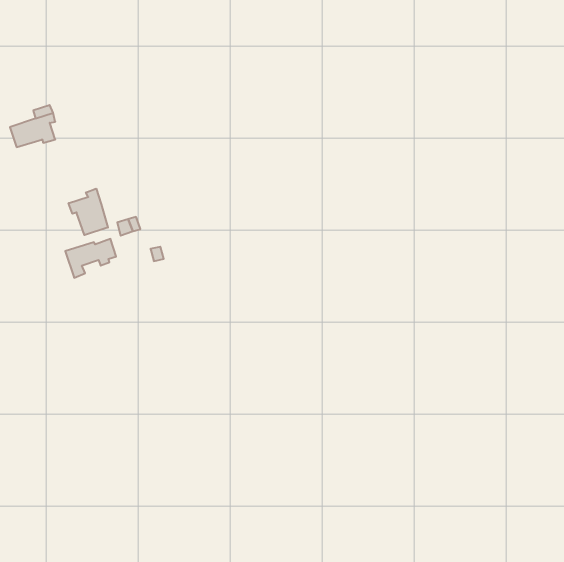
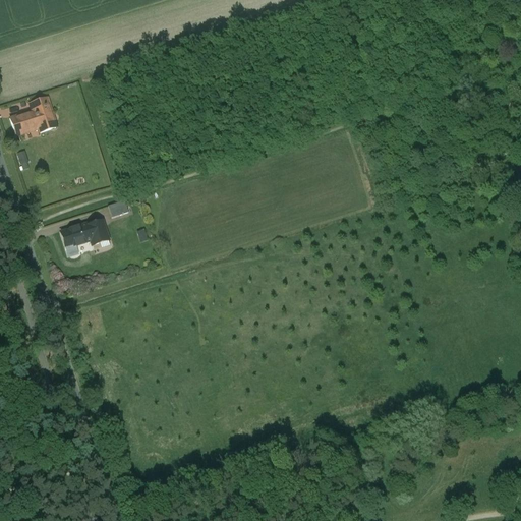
building: [69,189,108,235] -> none

